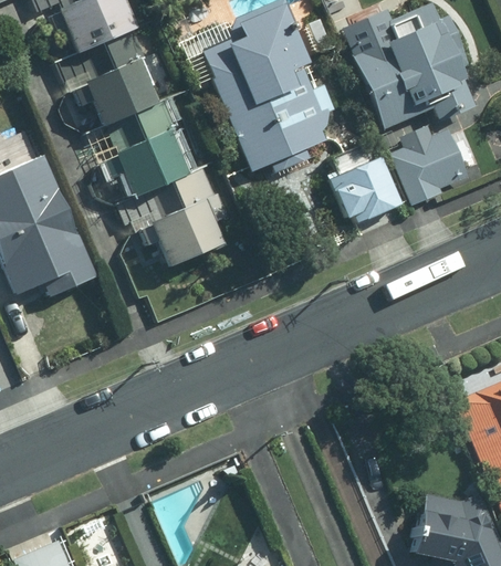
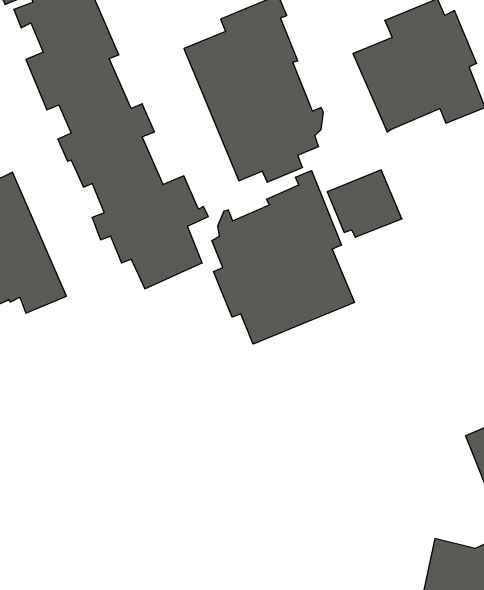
building: [393,129,468,202] -> none
building: none -> [212,171,354,344]

